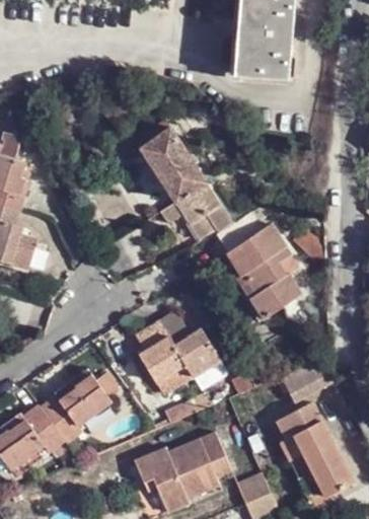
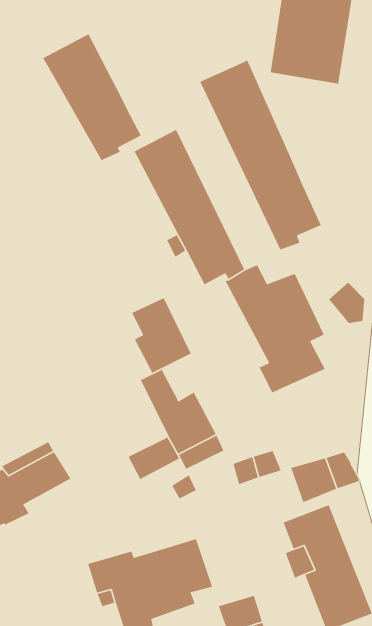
building: none -> [42,33,142,161]
building: none -> [199,60,322,251]
building: [134,318,183,378] -> [131,297,192,374]

